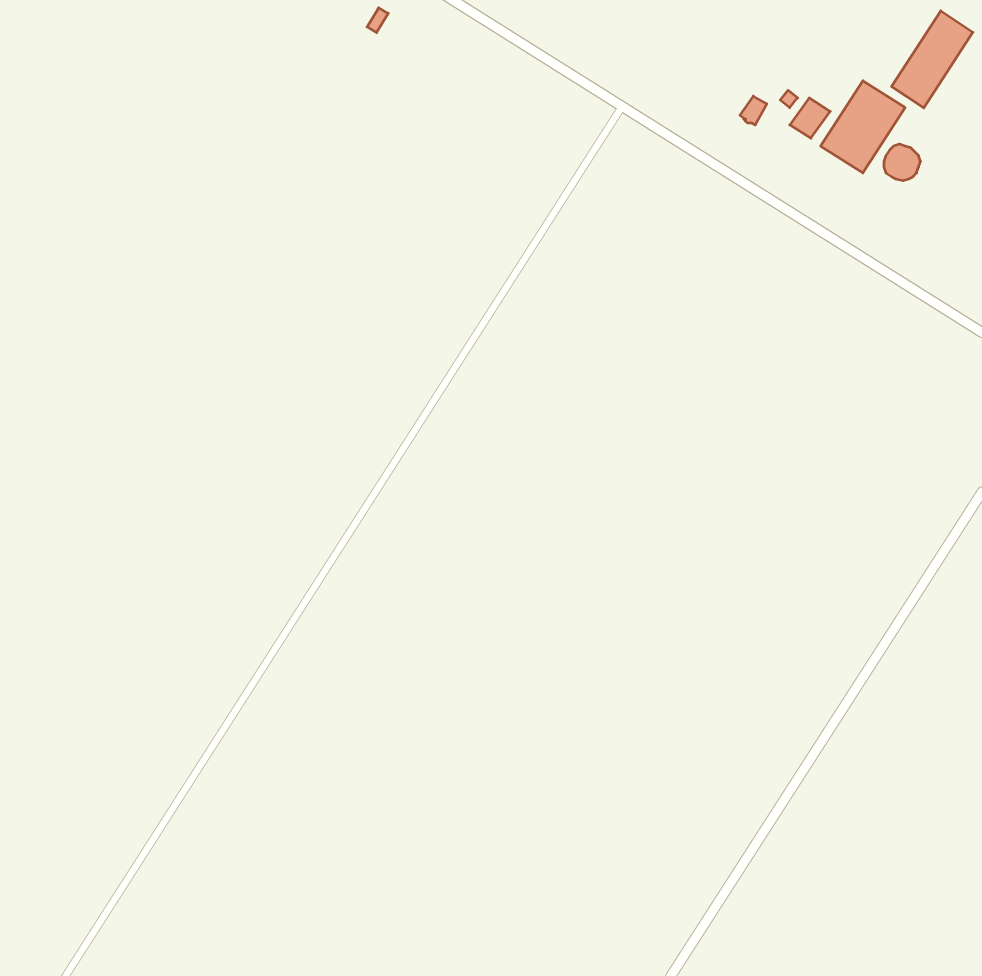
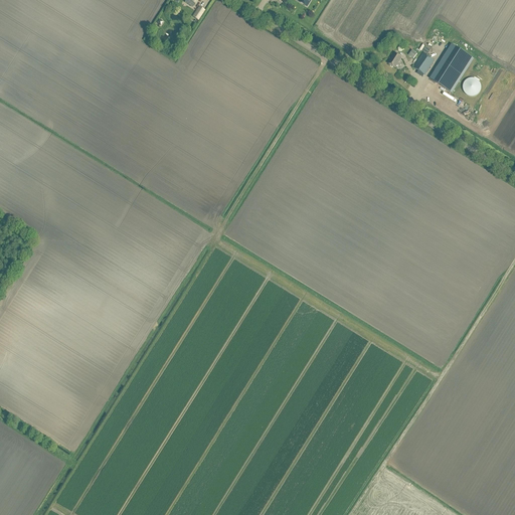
building: [892,11,973,108] -> none

